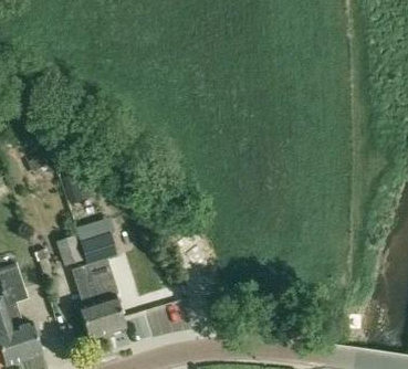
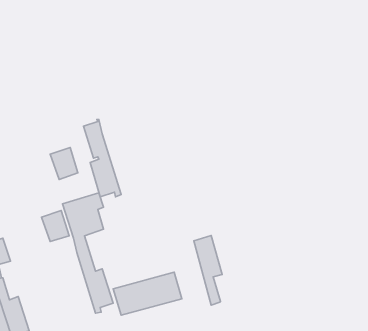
building: none -> [194,236,222,305]
building: [73,263,111,340] -> [84,119,121,197]

